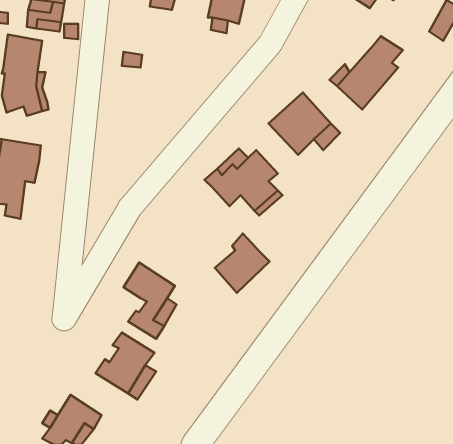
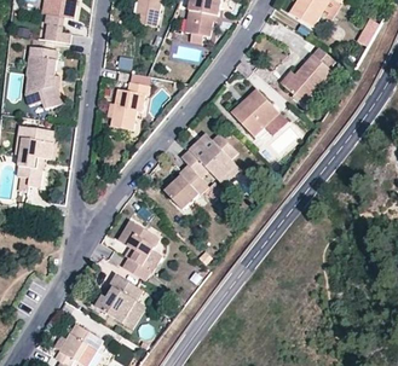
building: none -> [109,85,146,130]
building: [215,233,269,293] -> [165,163,207,209]

